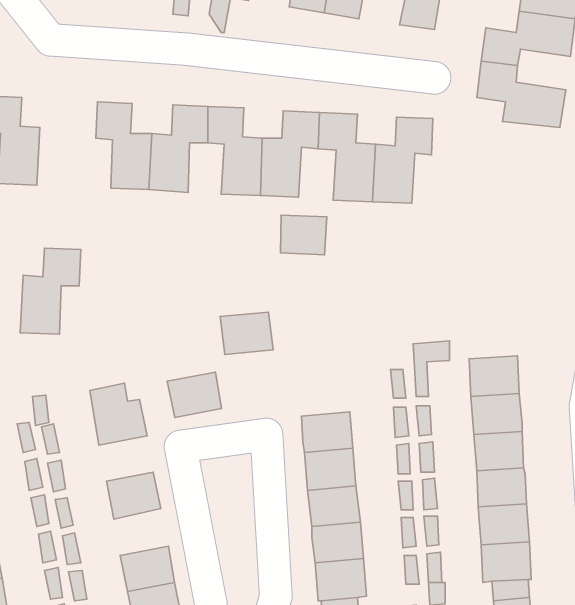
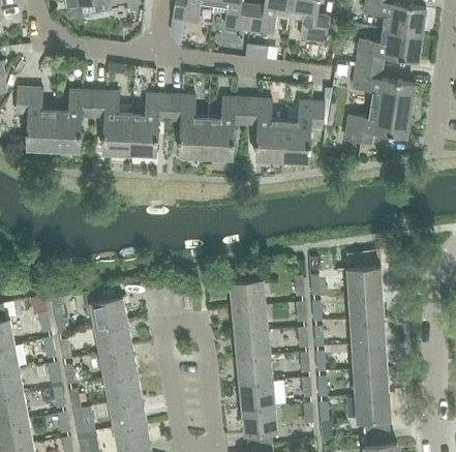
building: none -> [344,106,409,143]
building: [280,215,327,255] -> none
building: [20,248,81,334] -> [52,91,93,150]
building: [220,312,273,354] -> [230,278,266,307]
building: [167,372,222,417] -> [94,321,131,352]
building: none -> [104,370,142,402]

